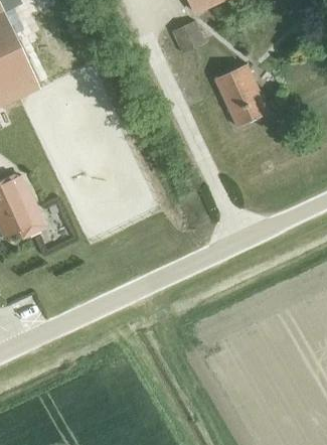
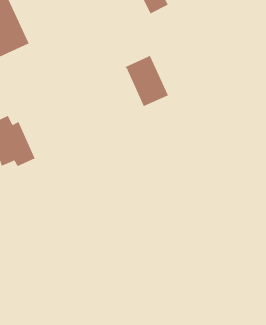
building: [214,63,270,127] -> [124,55,170,107]

